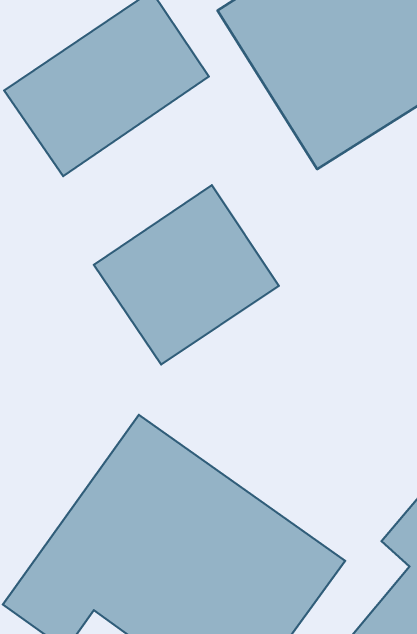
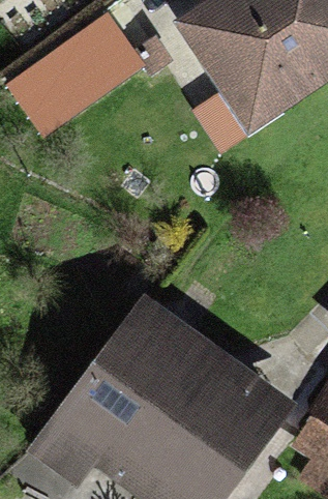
building: [94,185,279,364] -> none

